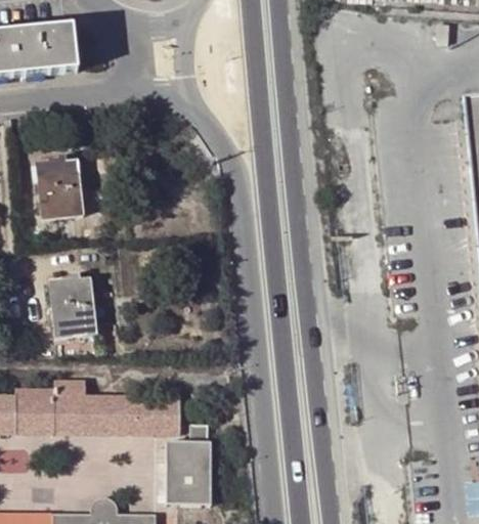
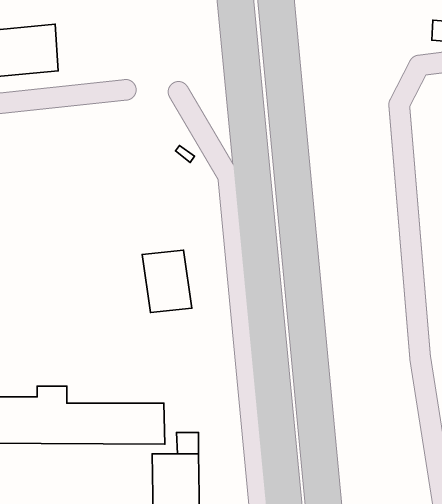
building: [39,160,85,221] -> none
building: [51,277,99,338] -> [142,250,192,312]

